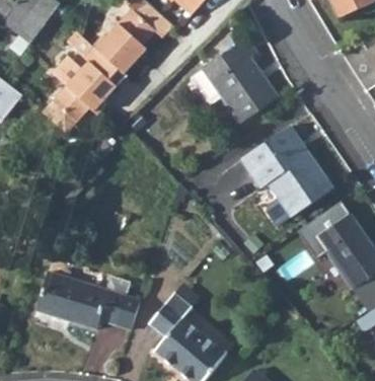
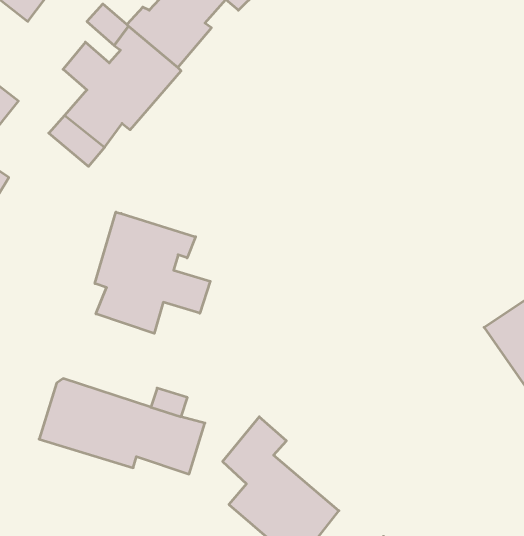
building: [202,40,276,123] -> none
building: [242,126,332,215] -> none
building: none -> [95,212,210,333]

